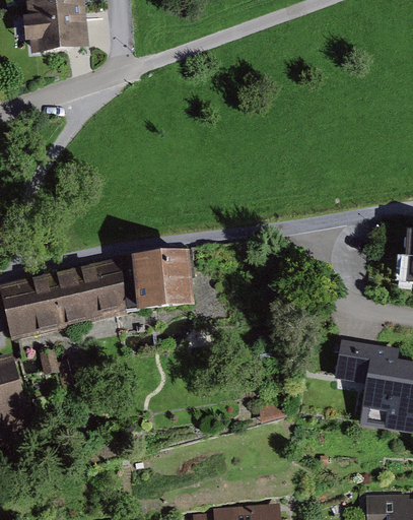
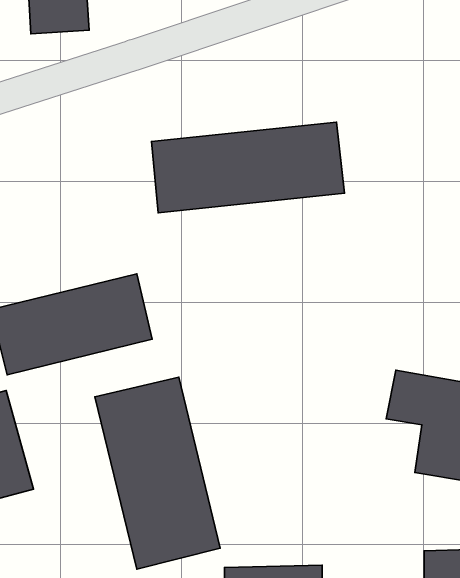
building: none -> [152,122,345,213]
building: [132,252,195,313] -> none
building: none -> [95,377,220,569]

